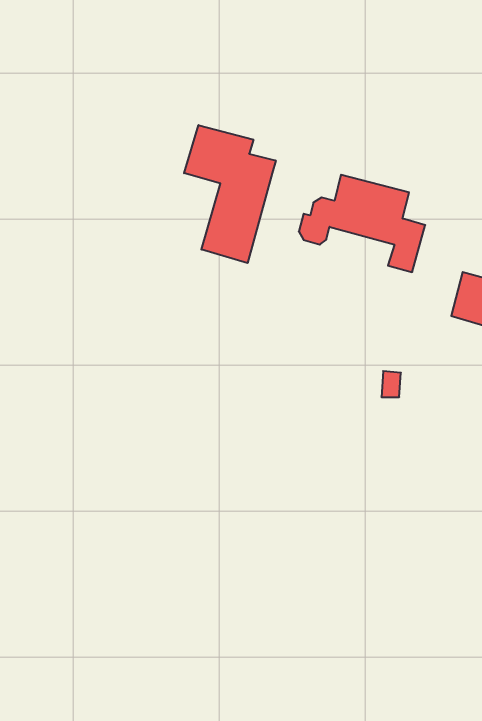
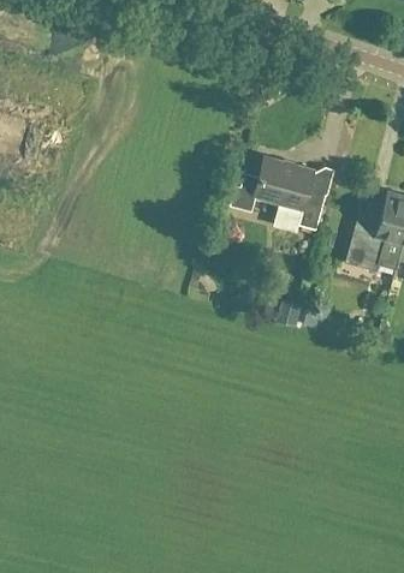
building: [184,125,276,263] -> none

